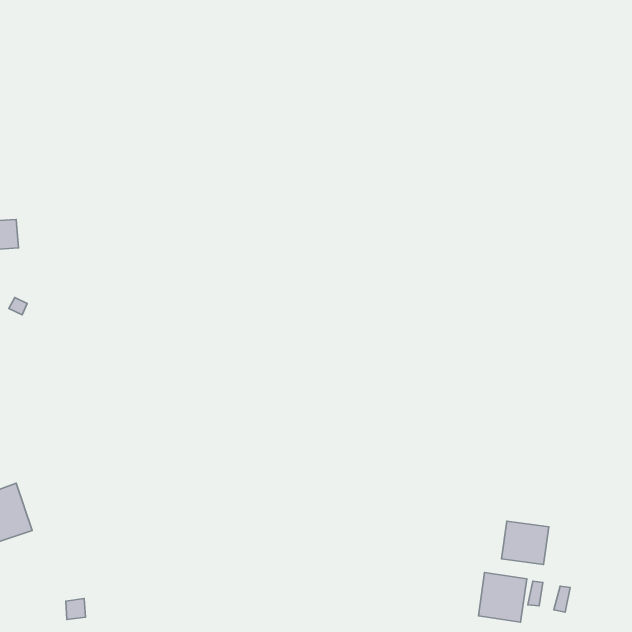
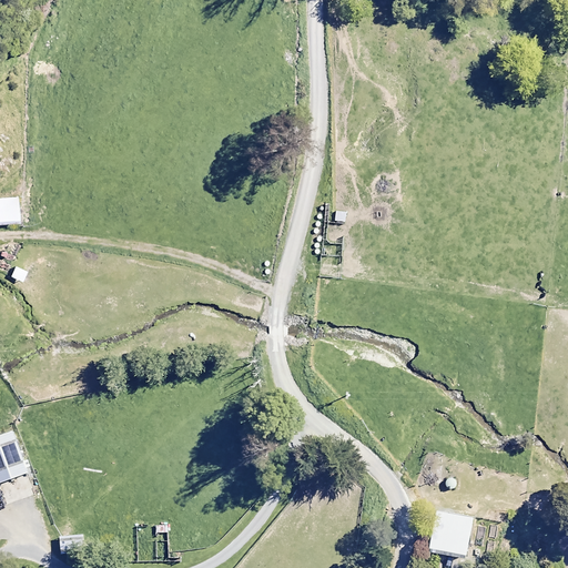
building: [501,521,549,565] -> none

